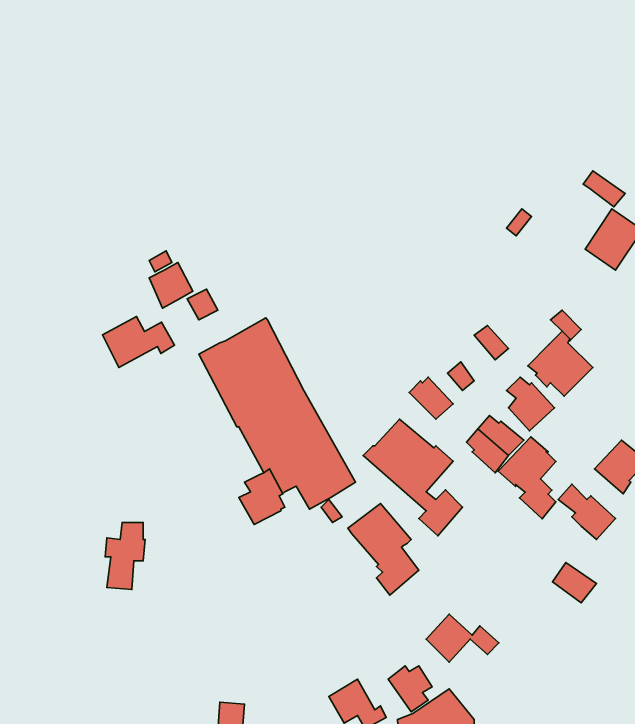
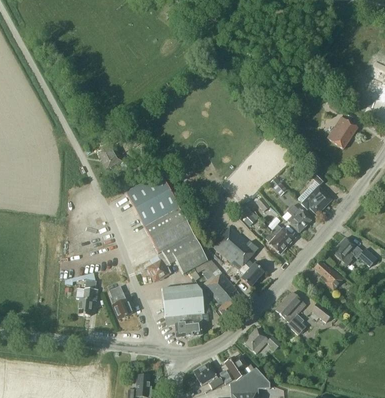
building: [102,316,175,367] -> none
building: [498,437,556,519] -> [276,292,306,335]
building: none -> [162,284,205,337]
building: none -> [110,285,133,318]

